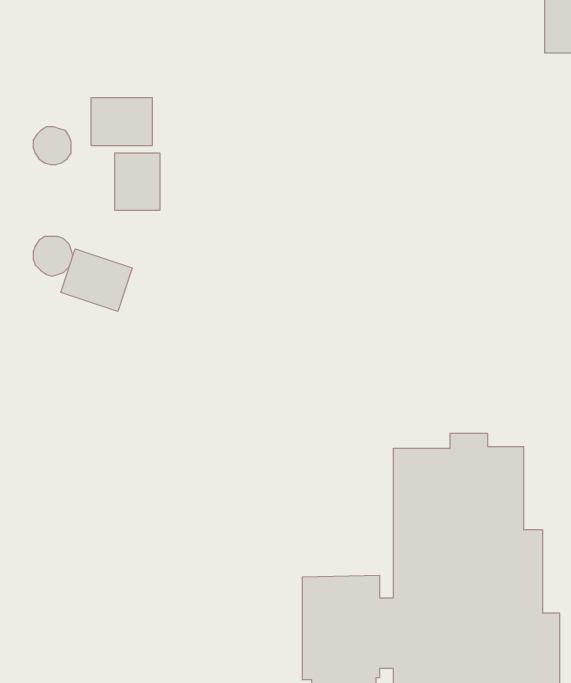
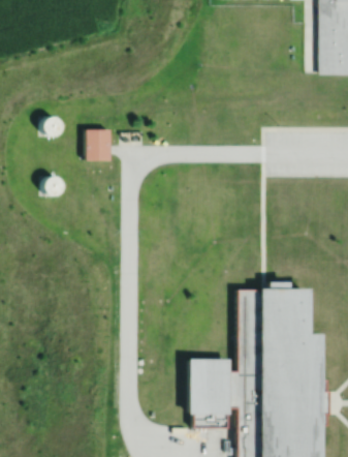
building: [91,98,152,146] -> none
building: [61,249,132,311] -> none

